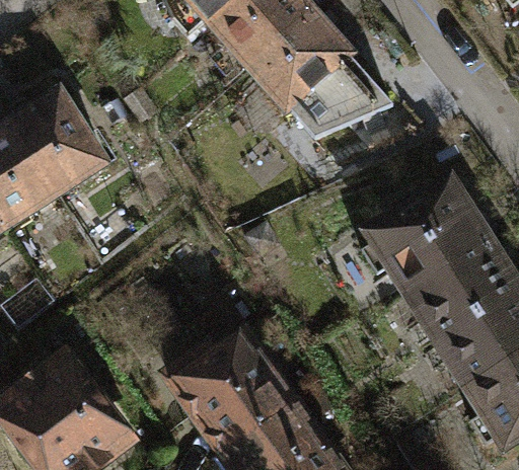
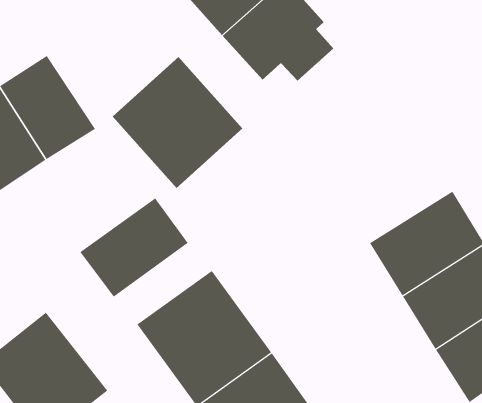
building: none -> [112,56,243,189]
building: [364,175,487,285] -> none
building: none -> [79,198,189,298]

